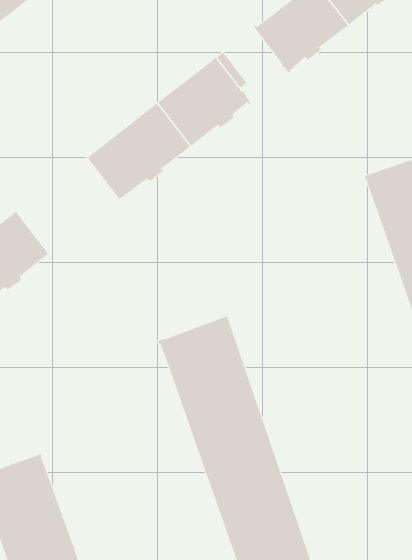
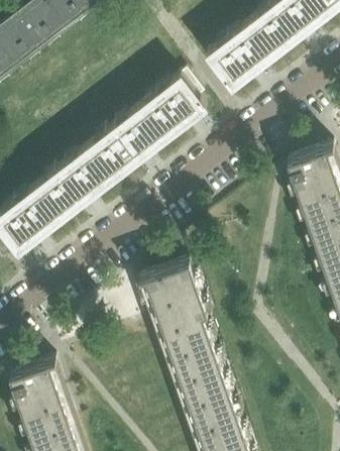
building: none -> [36,150,110,219]

